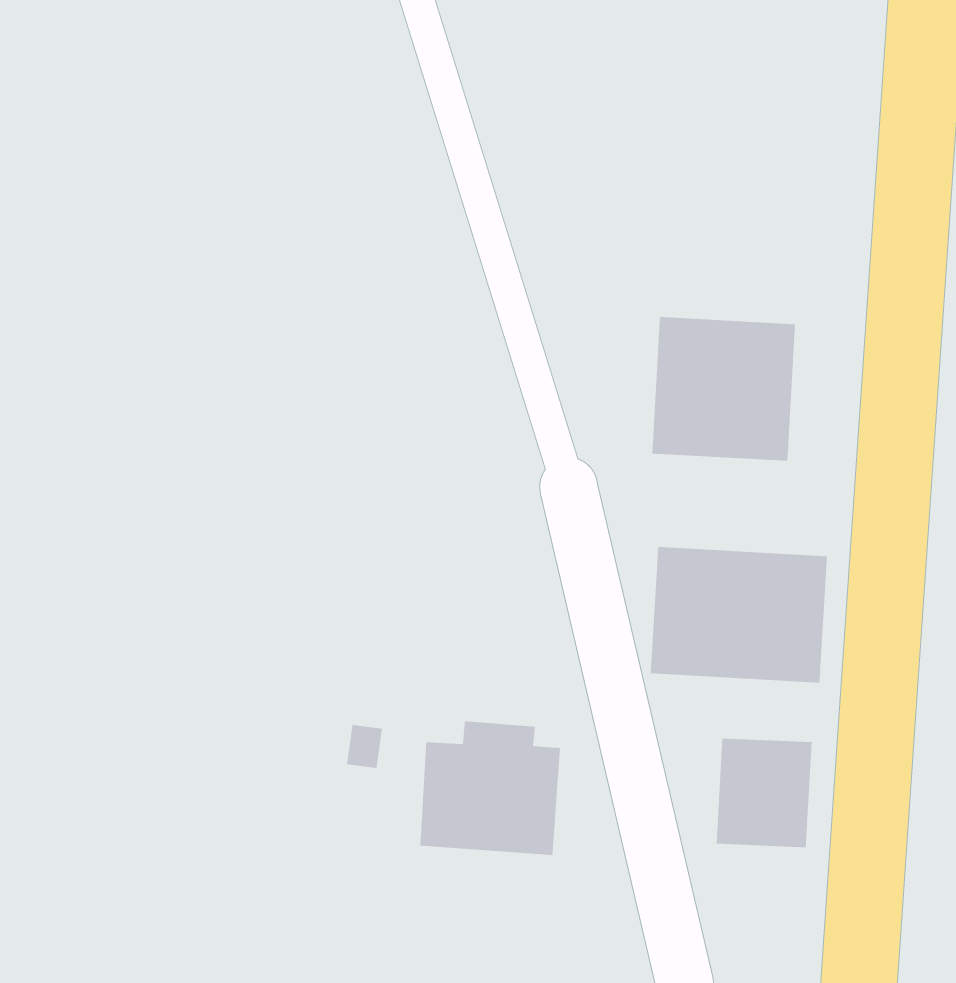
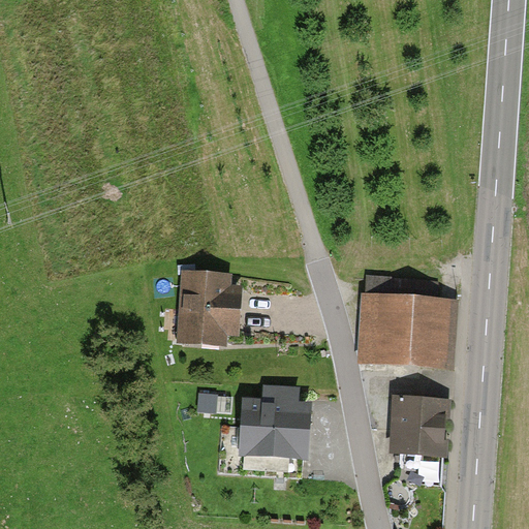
building: [651,316,796,462] -> none
building: none -> [177,268,243,344]

